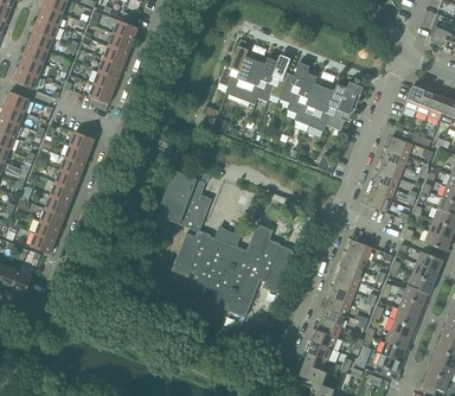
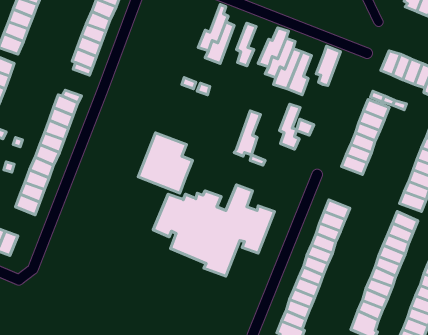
building: [269,55,291,98] -> none
building: [238,59,265,106] -> [234,111,261,156]
building: [326,84,347,130] -> [279,104,300,149]

